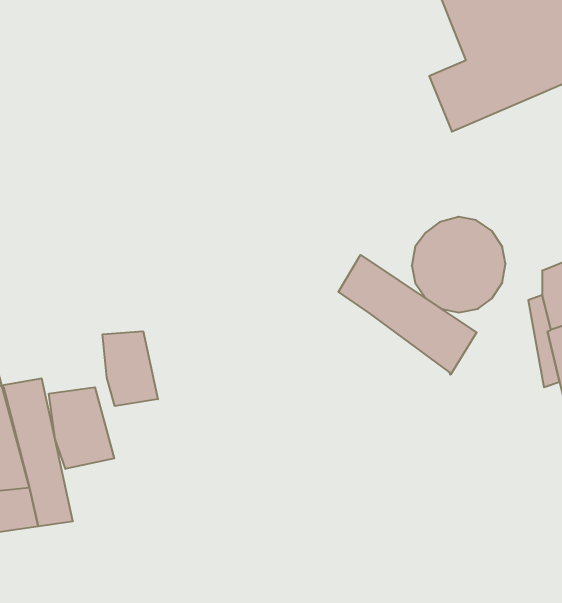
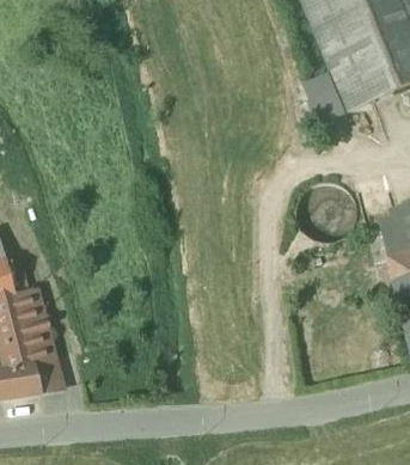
building: [338,255,477,375] -> none
building: [103,331,158,406] -> none
building: [49,387,114,469] -> none

